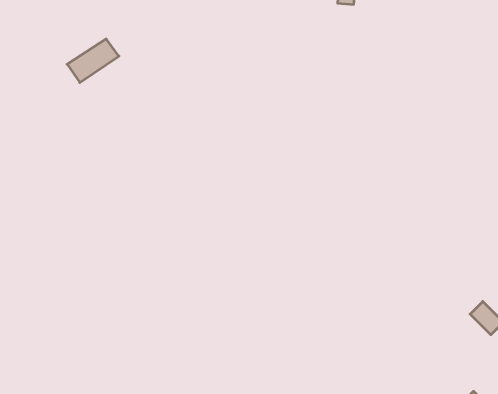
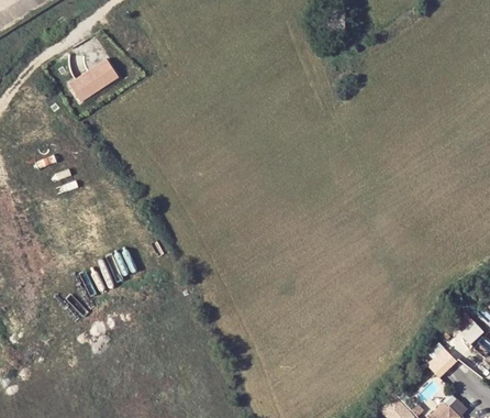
building: none -> [427,341,458,377]

